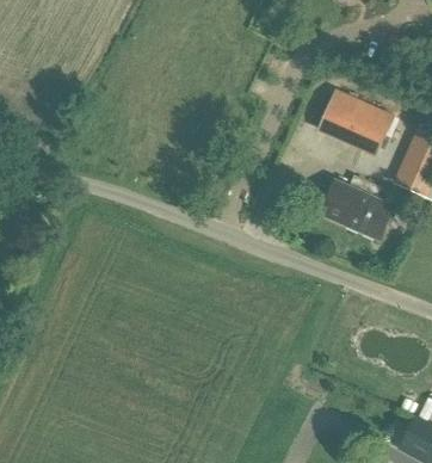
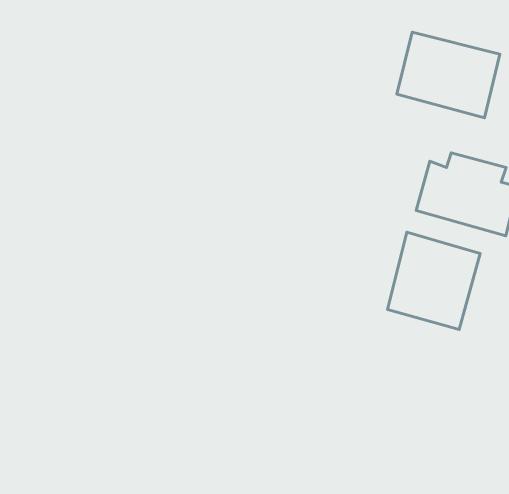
building: none -> [387,232,480,330]

